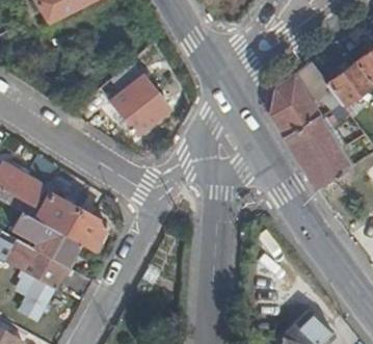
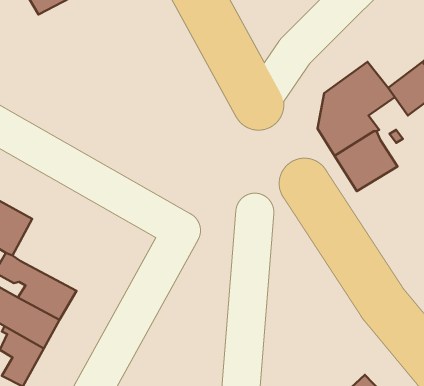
building: [112,61,171,135] -> none
building: [303,144,349,187] -> none
building: [36,193,109,252] -> none

